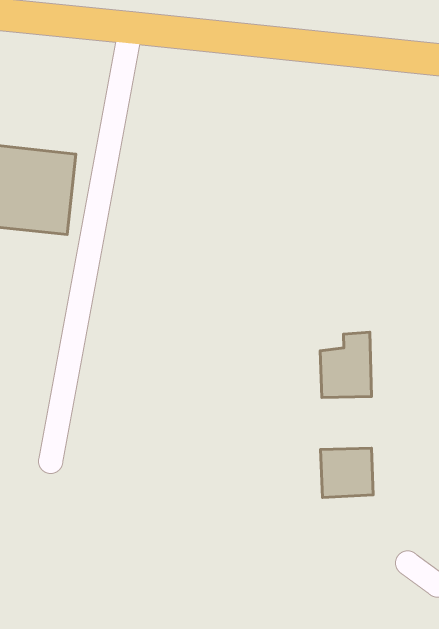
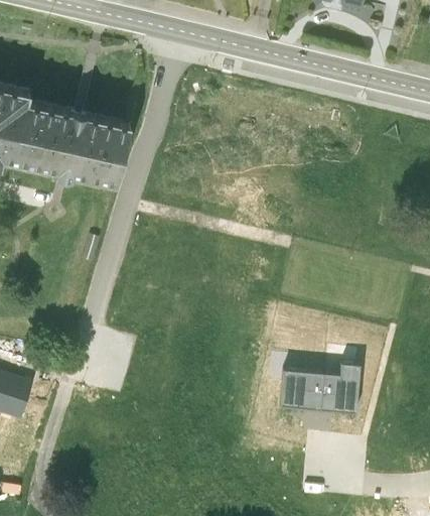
building: [320,332,372,398] -> [317,363,360,412]

